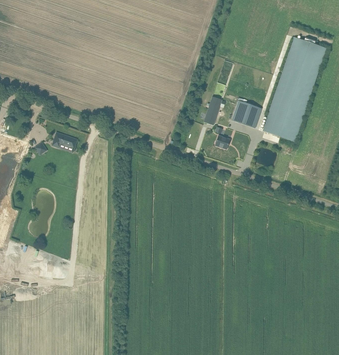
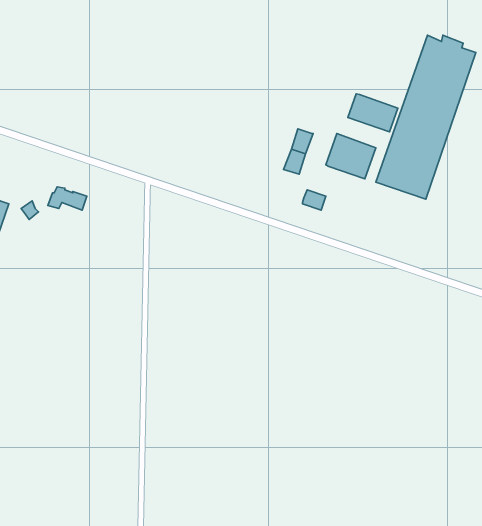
building: none -> [348,94,398,132]

